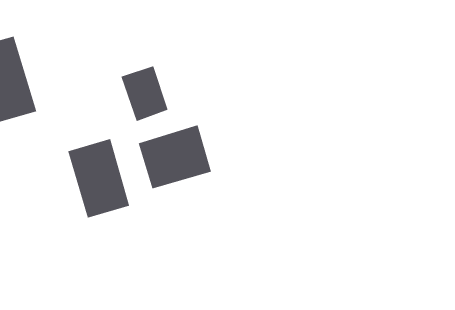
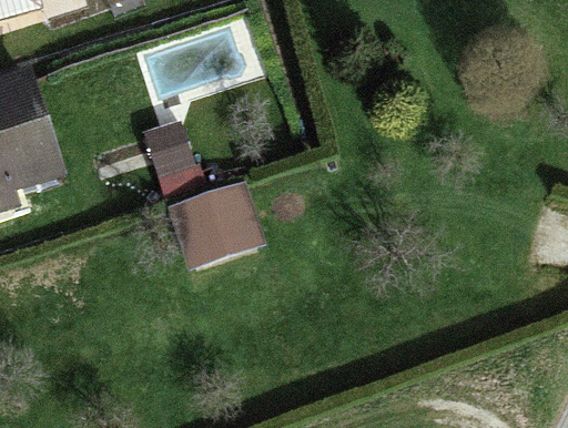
building: [67,138,130,218] -> none

